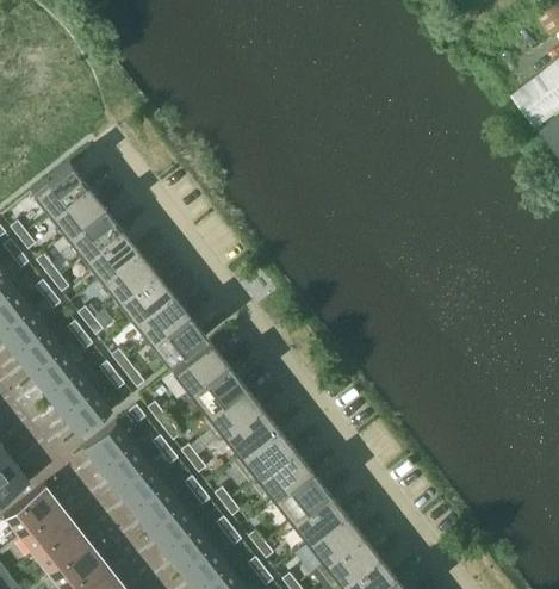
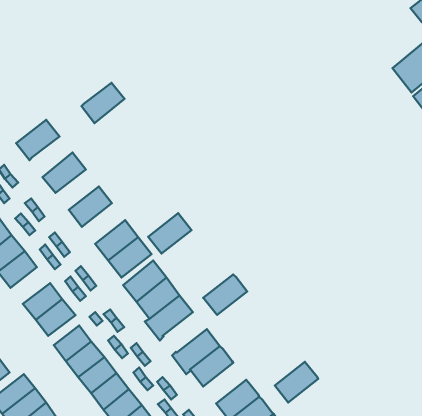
building: [52,184,107,235] -> [81,83,125,123]
building: [86,225,141,277] -> none
building: [119,268,174,320] -> [148,213,191,254]
building: [29,349,79,396] -> none
building: [222,407,278,458] -> [203,274,247,315]
building: [273,471,328,522] -> [275,362,318,402]

